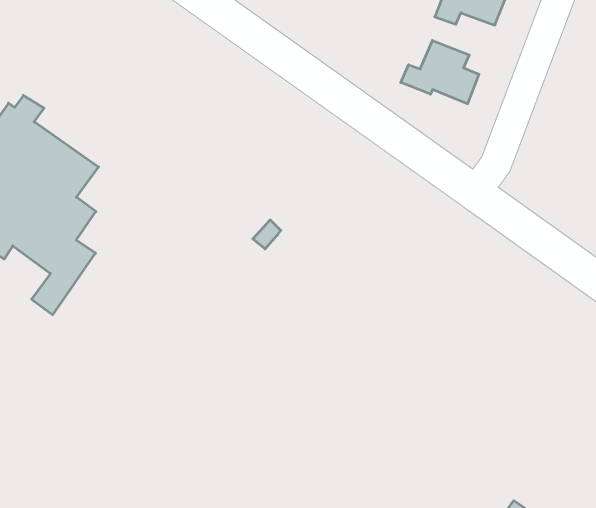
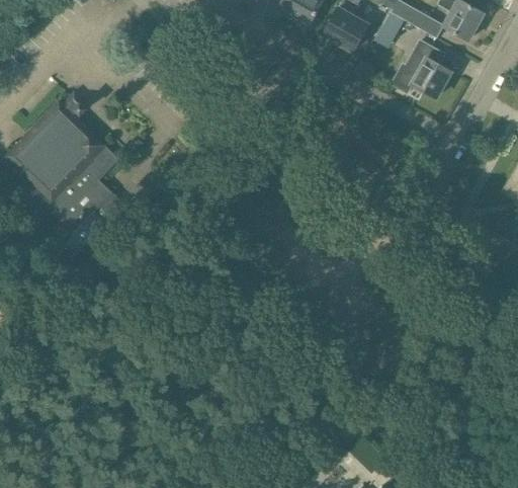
building: [401,40,479,104] -> none

